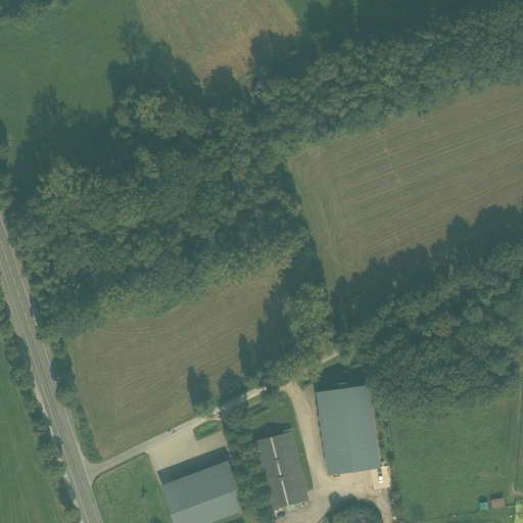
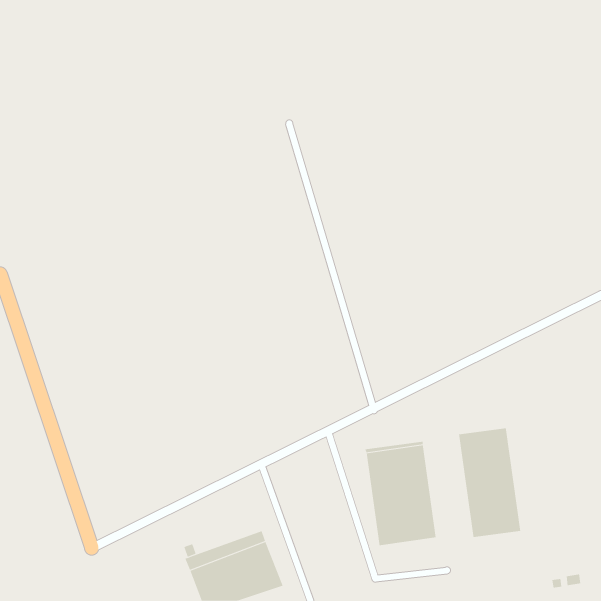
building: none -> [459,428,521,538]
building: [251,433,308,510] -> none

